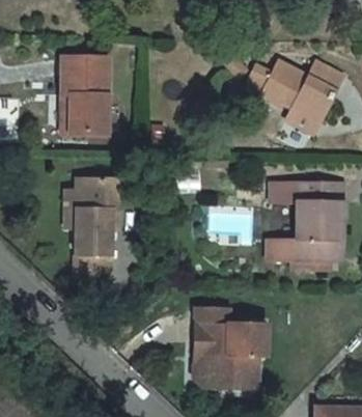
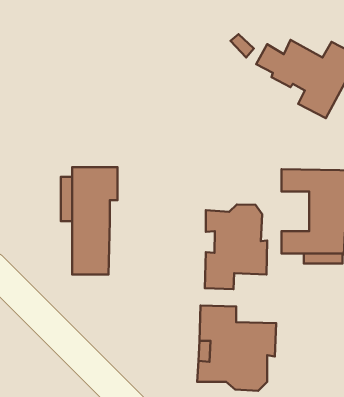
building: [61,55,108,133] -> none
building: none -> [205,205,267,289]

